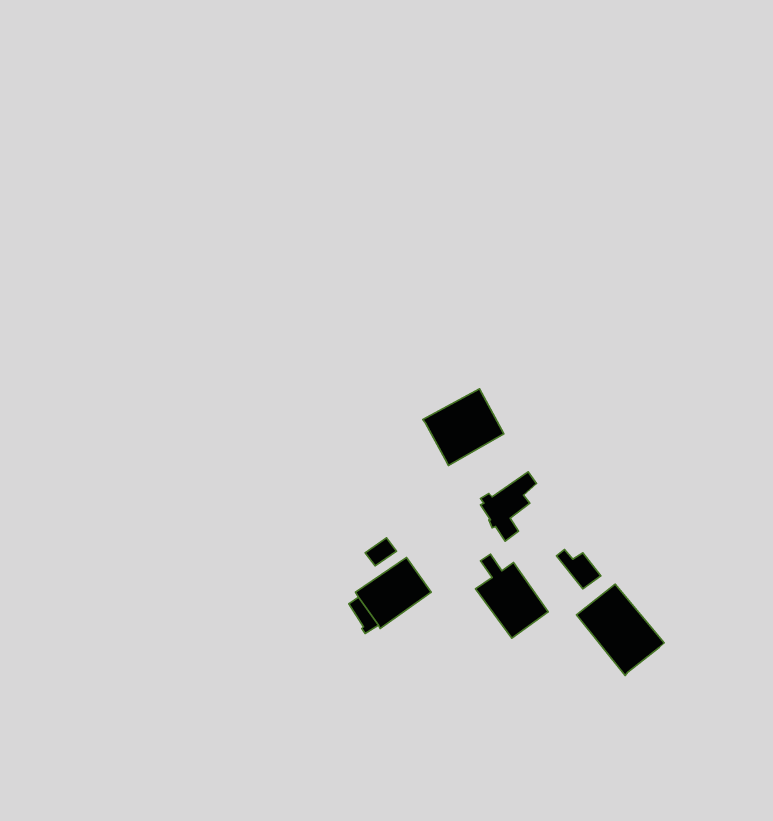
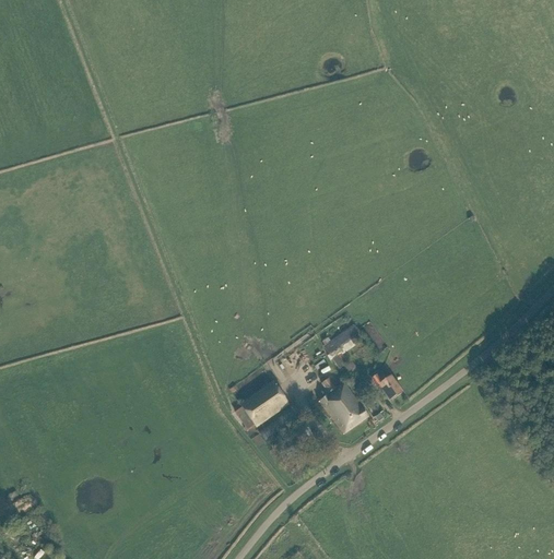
building: [423,389,504,465] -> none
building: [577,584,664,675] -> none

